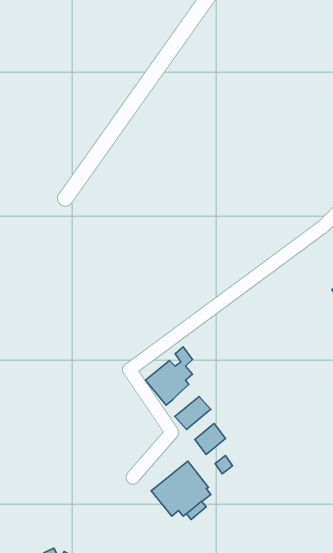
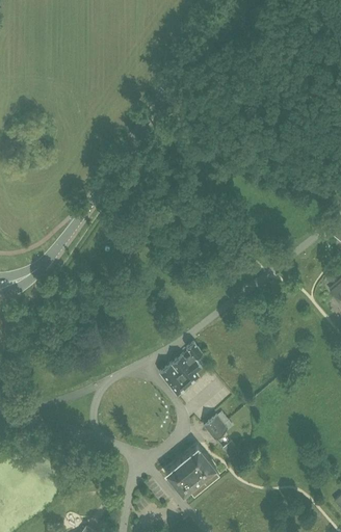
building: [175,397,211,429] -> none

